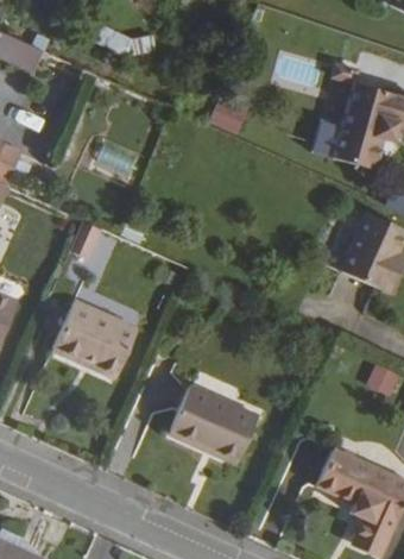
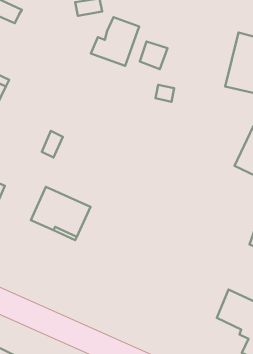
building: none -> [91,17,139,66]
building: [175,385,259,464] -> none

